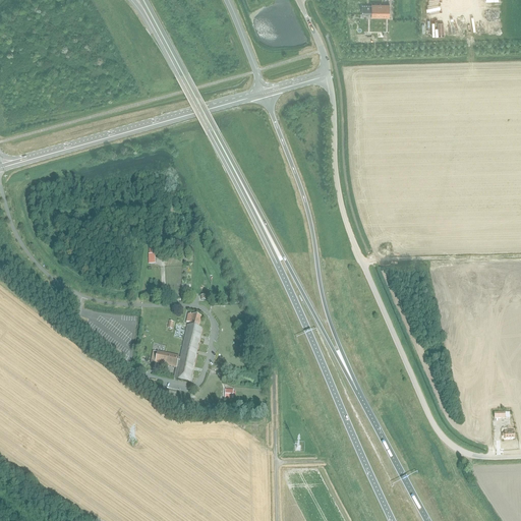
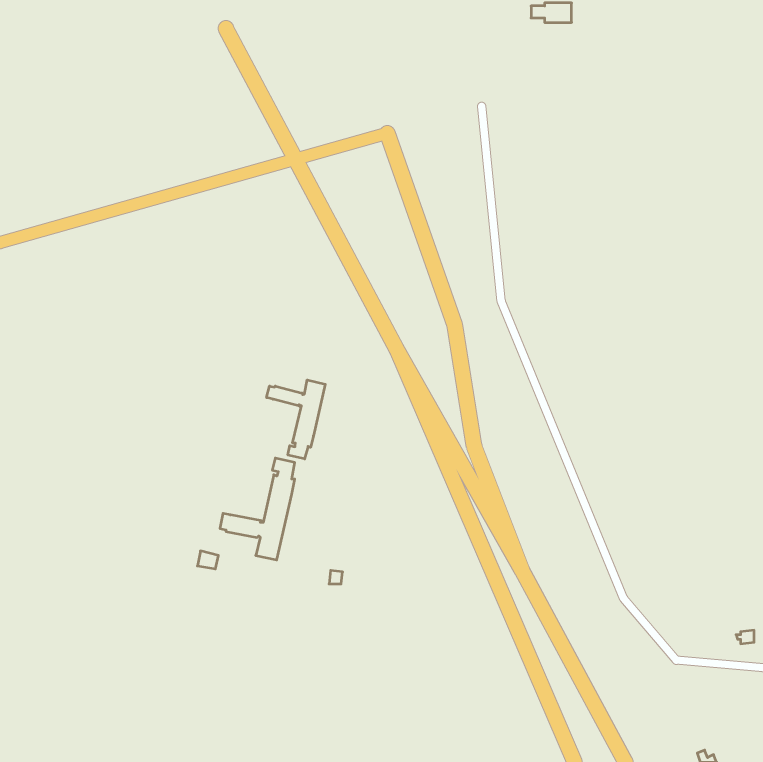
building: none -> [267,380,325,459]

